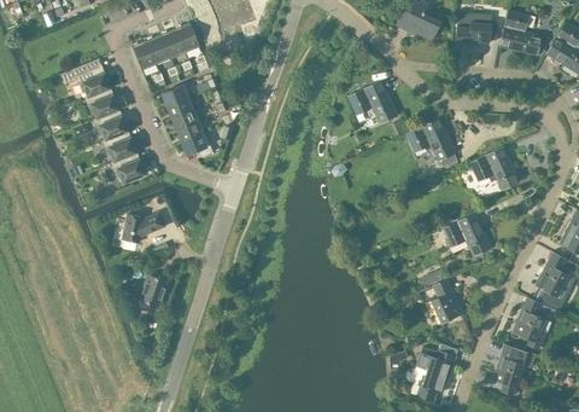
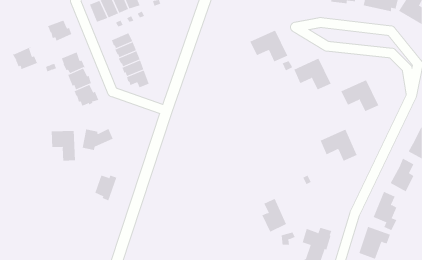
building: [83,86,118,117] -> [12,47,38,70]
building: none -> [51,130,75,161]
building: [429,277,463,323] -> [262,198,287,232]

